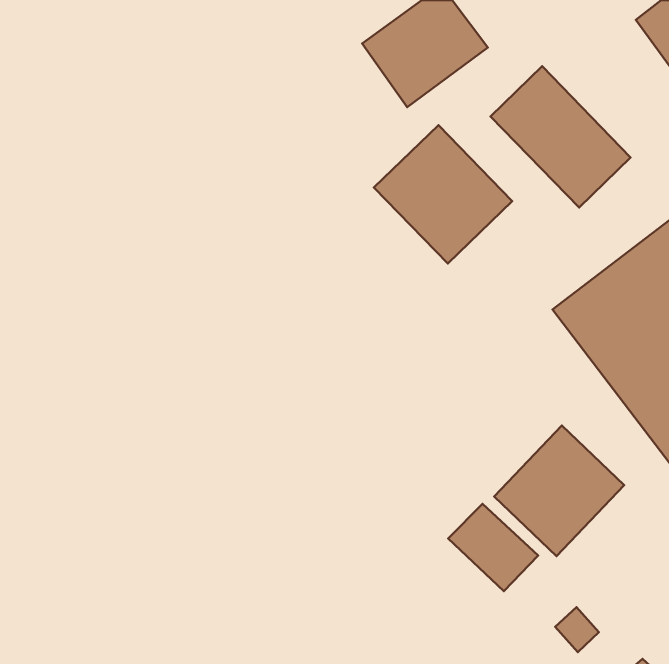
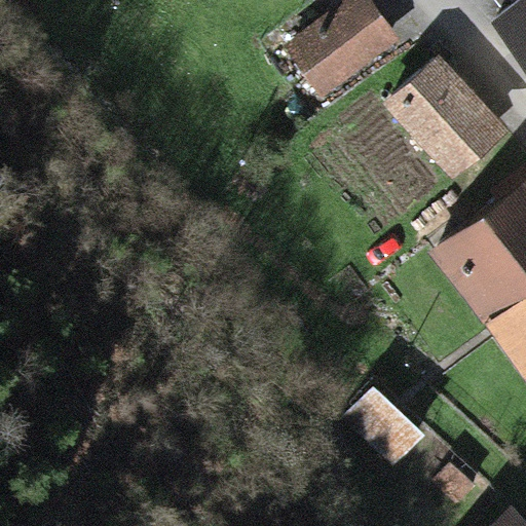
building: [374,125,512,263] -> none
building: [494,426,624,556] -> none

